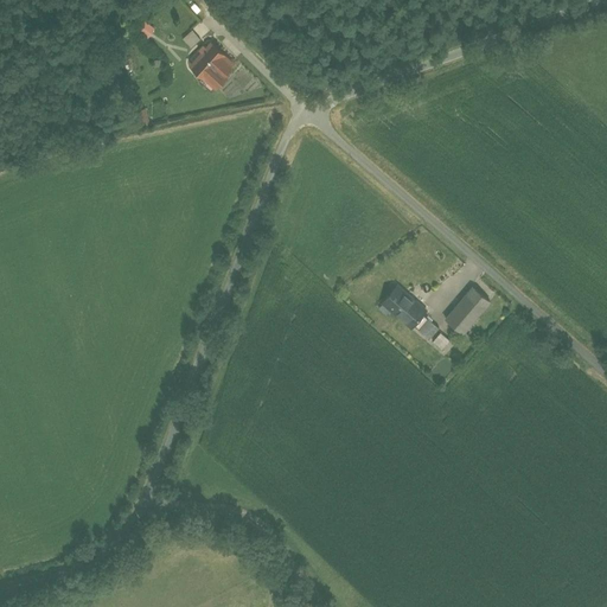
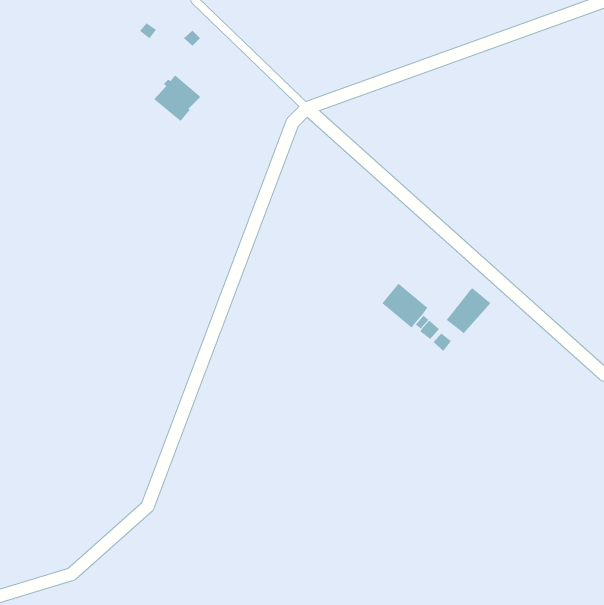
building: [189,40,236,88] -> [154,74,201,122]

